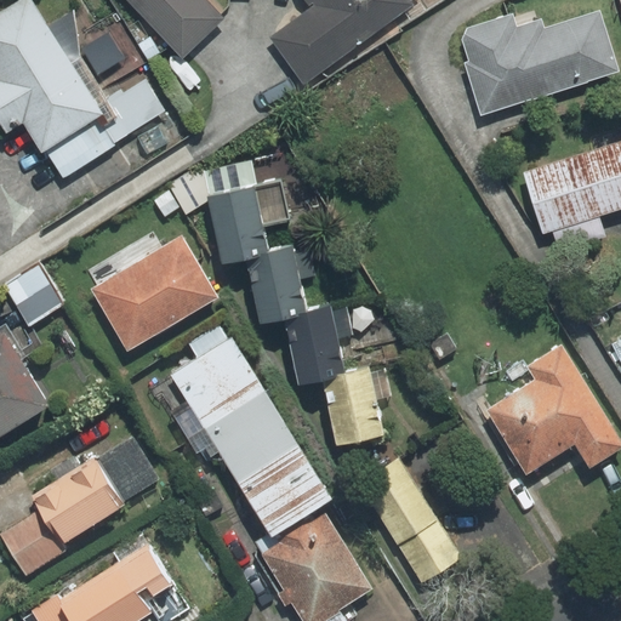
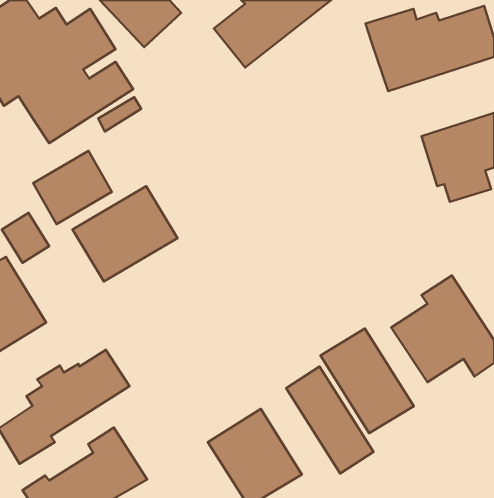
building: [206,186,391,446] -> none
building: none -> [33,151,112,224]
building: [169,337,336,535] -> none
building: none -> [320,329,414,433]

